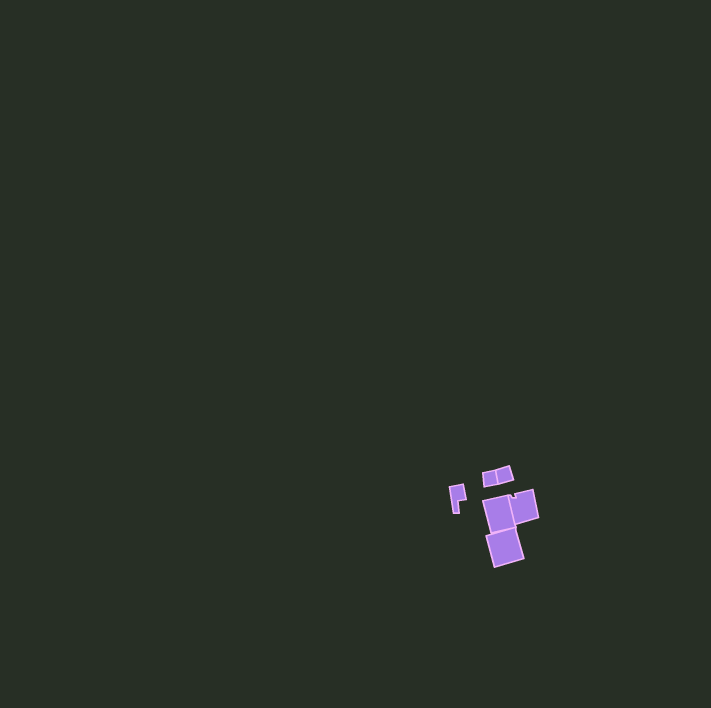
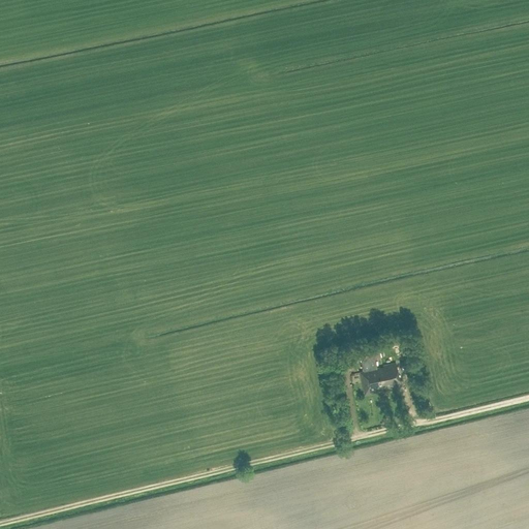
building: [486,527,524,567] -> none

